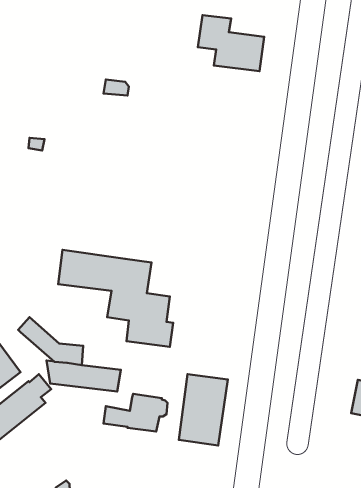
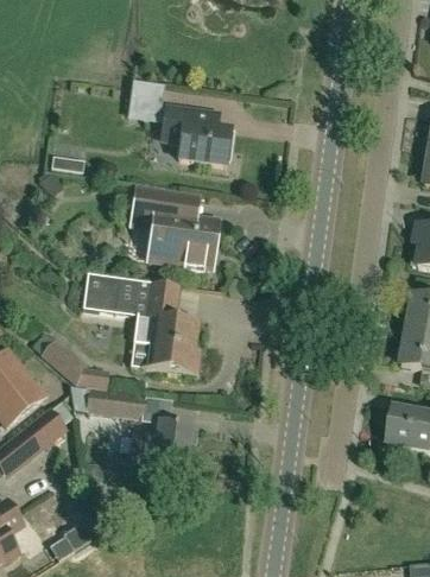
building: [198,15,264,71] -> [162,104,230,163]
building: none -> [132,186,219,266]
building: [179,374,228,445] -> none

